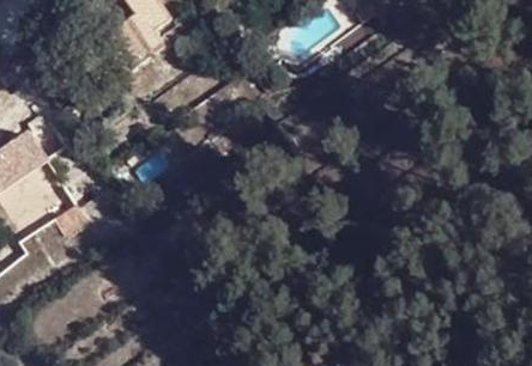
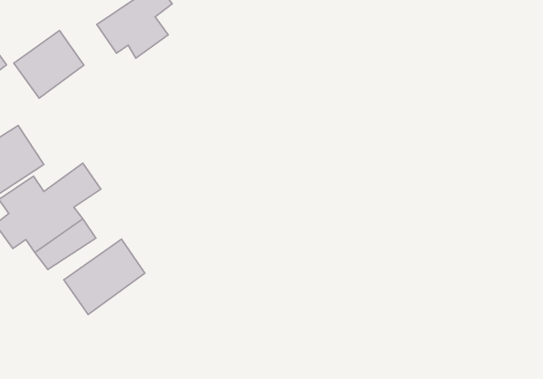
building: none -> [14,30,84,98]
building: none -> [64,239,145,314]

